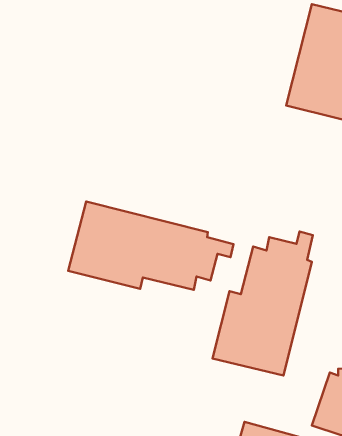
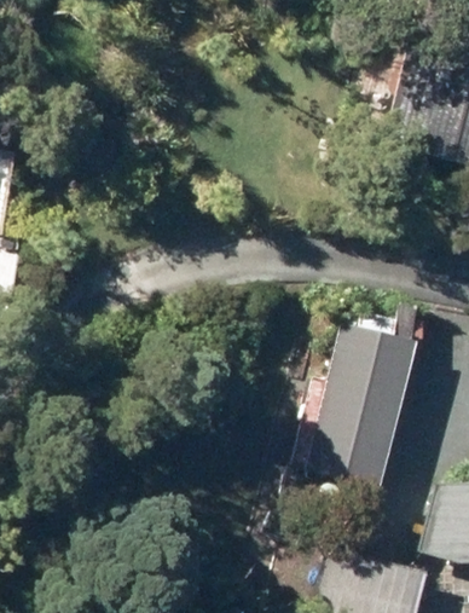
building: [68,202,233,290] -> none

